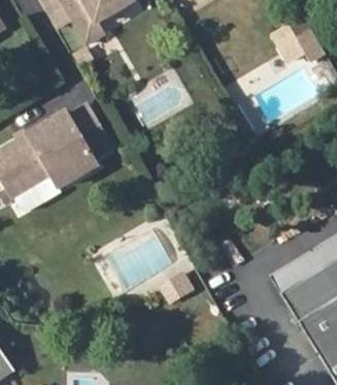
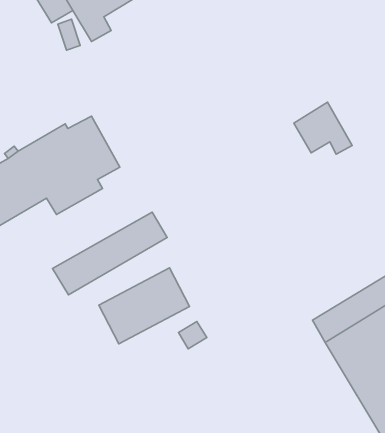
building: [277,17,326,60] -> [294,102,352,154]
building: none -> [52,212,167,295]

